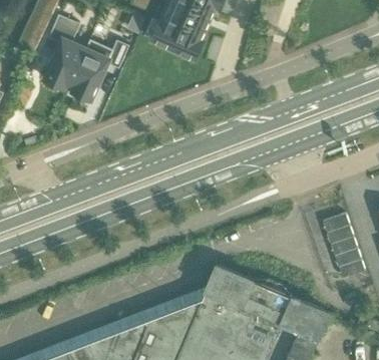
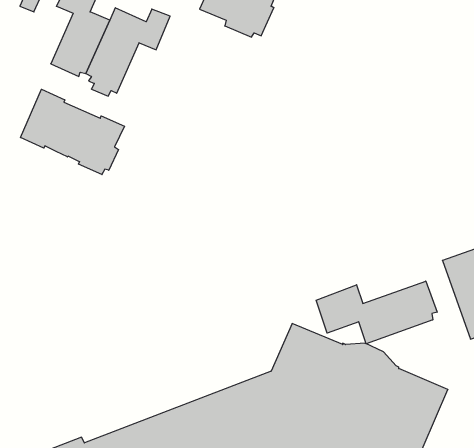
building: none -> [21,89,124,175]
building: none -> [316,281,437,344]

